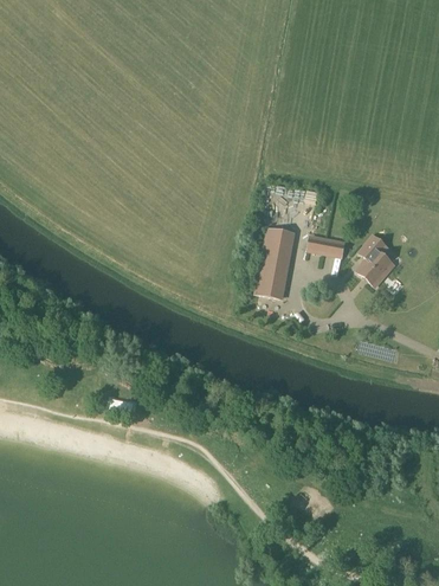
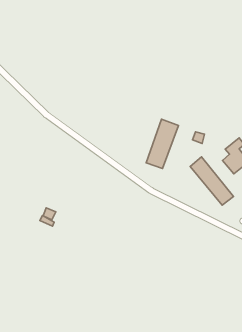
building: none -> [190,157,233,205]

